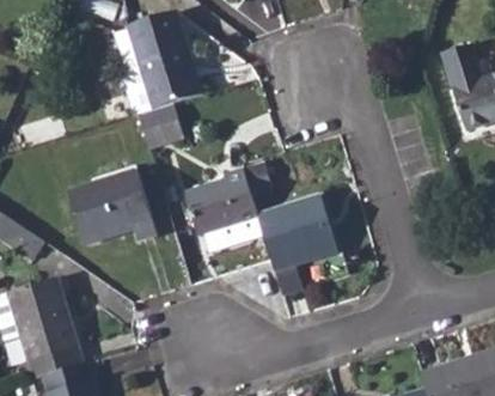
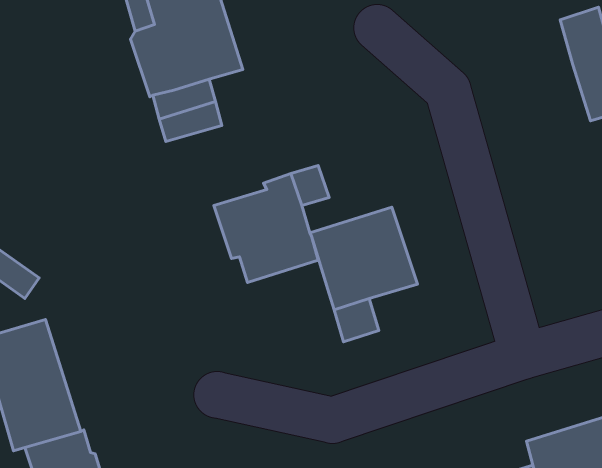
building: [69,172,158,244] -> none

